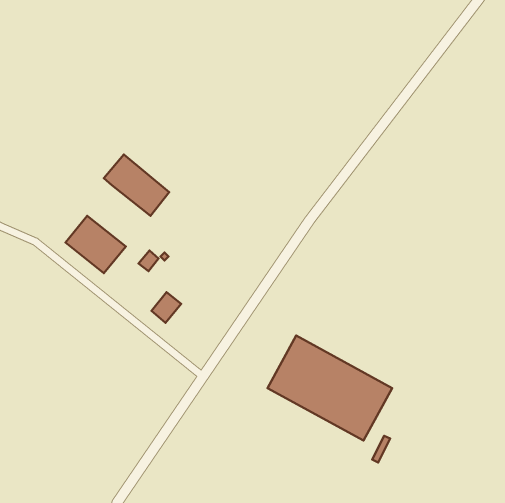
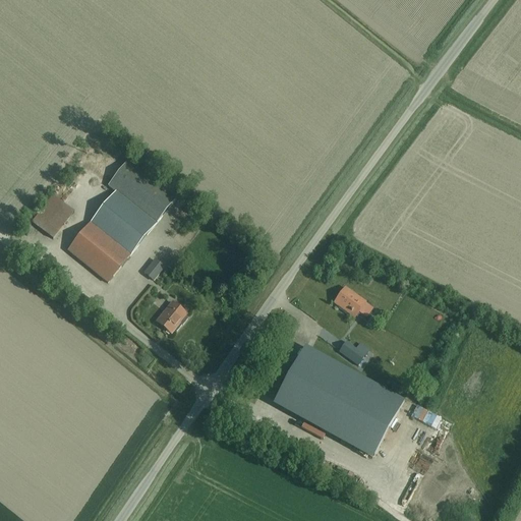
building: none -> [90,190,155,253]
building: none -> [32,193,73,236]
building: none -> [333,286,364,315]

